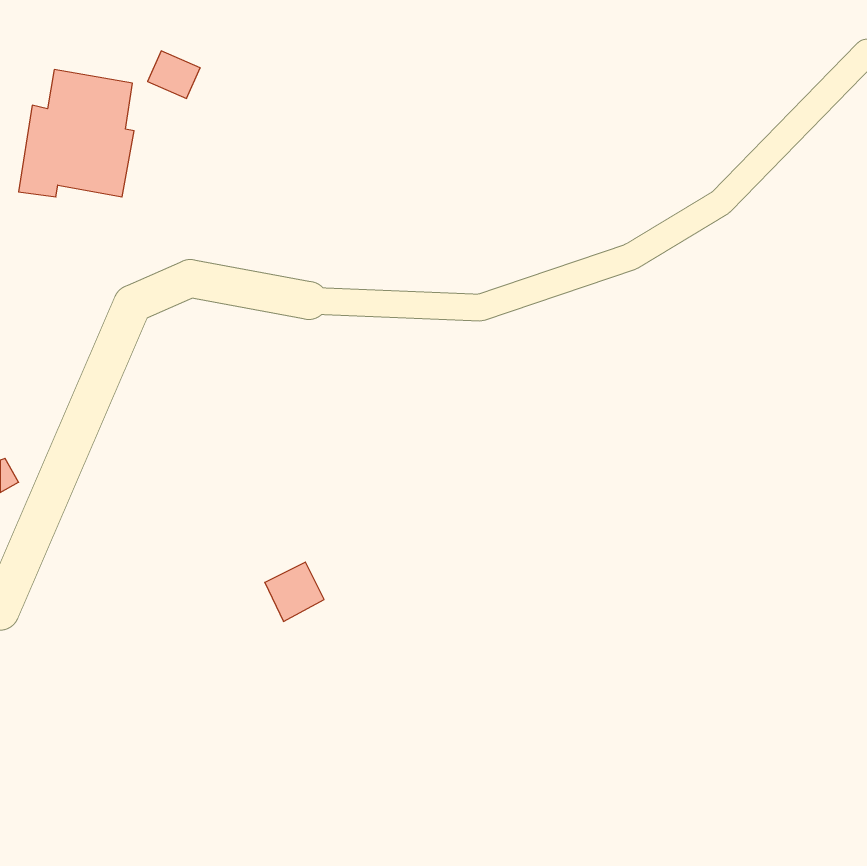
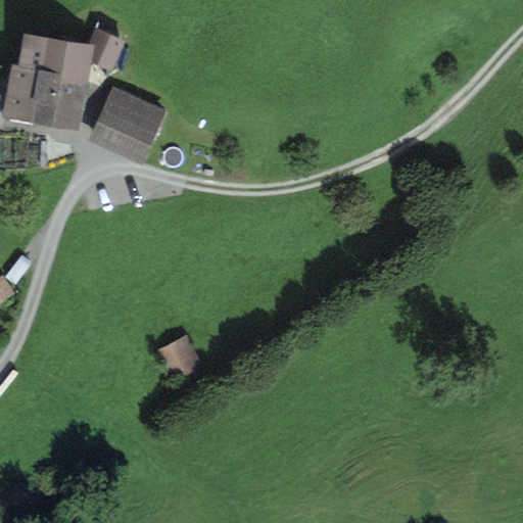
building: none -> [97,90,160,153]

